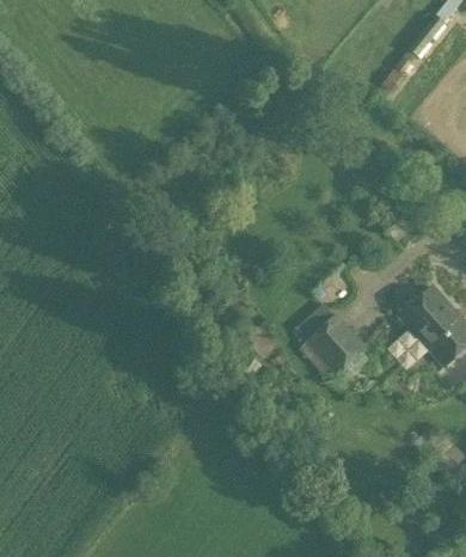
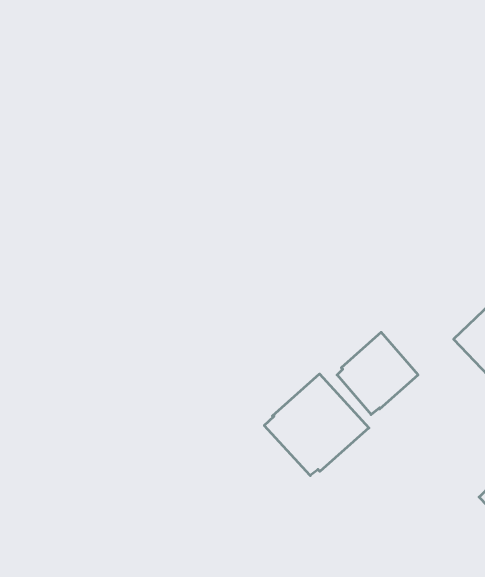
building: none -> [264,374,369,476]

